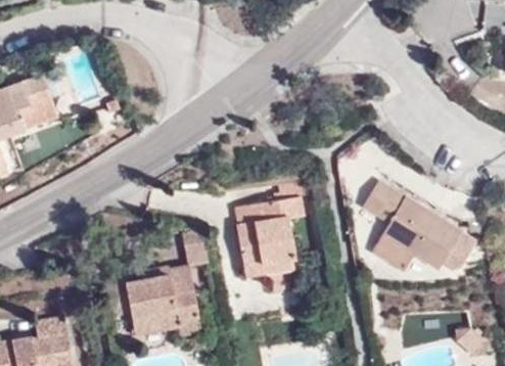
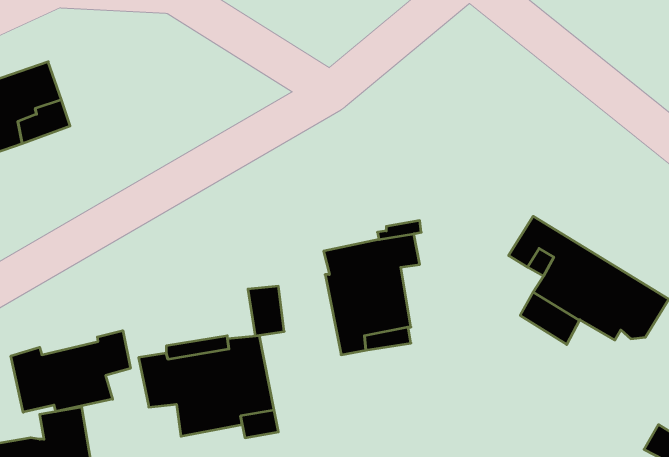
building: none -> [11,331,130,412]

